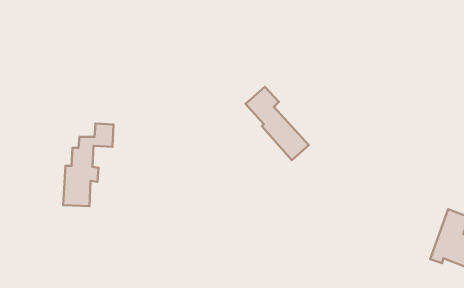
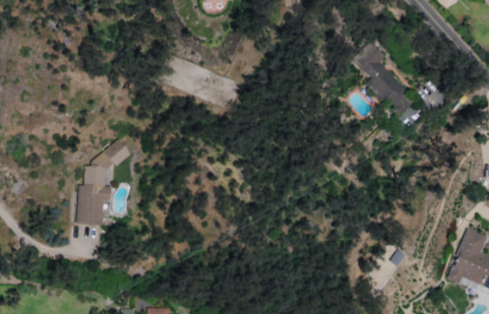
building: [246,87,309,160] -> [353,41,417,115]

